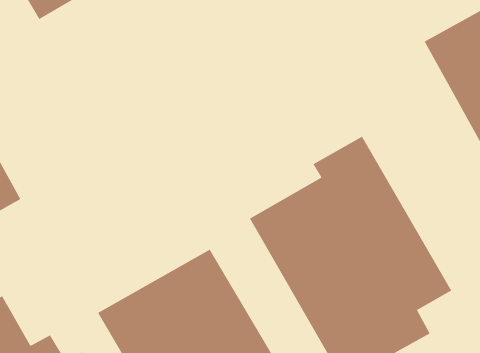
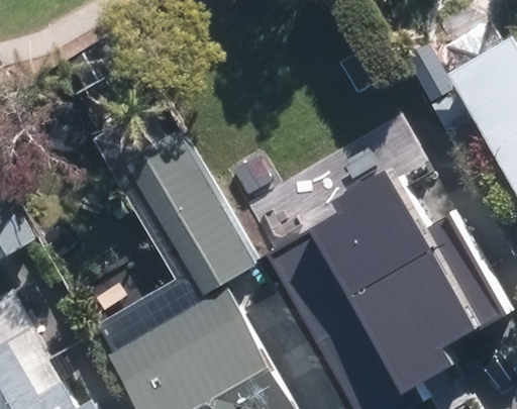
building: none -> [75,61,253,292]

